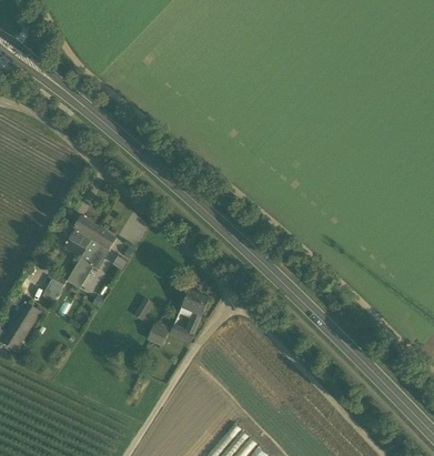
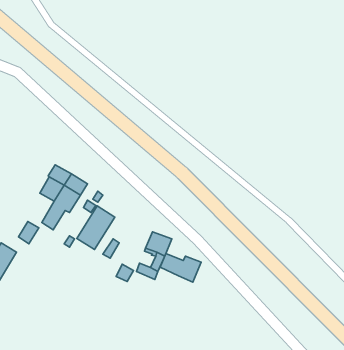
building: none -> [77,206,115,249]
building: none -> [160,253,201,282]

